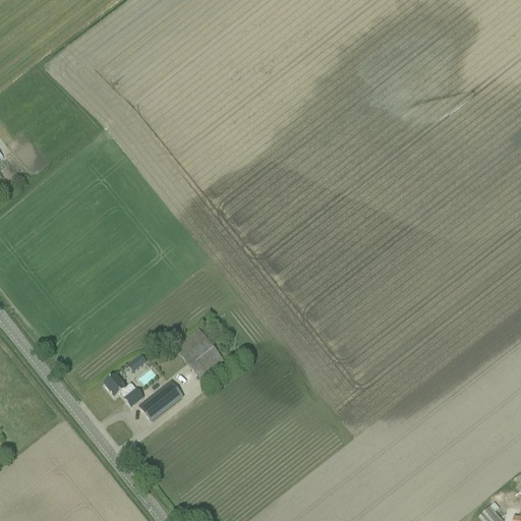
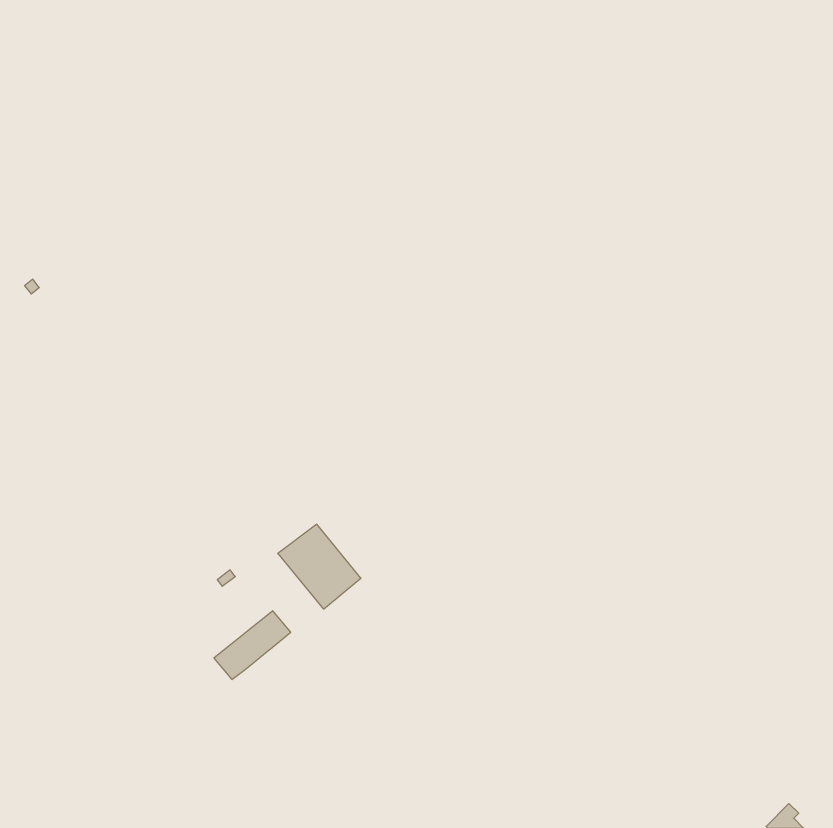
building: [104,372,142,405] -> none

